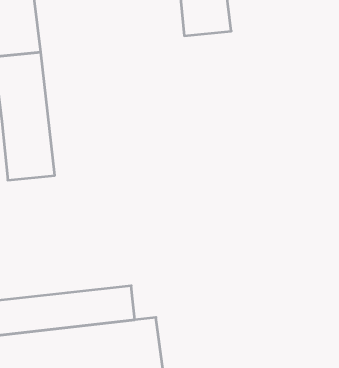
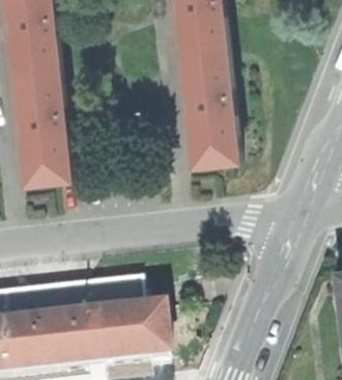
building: none -> [187,51,240,165]

